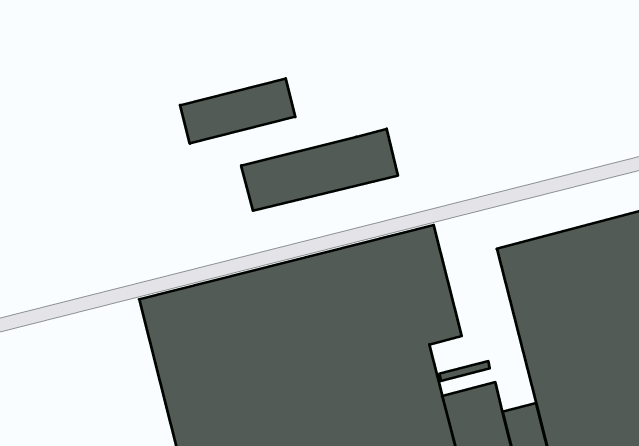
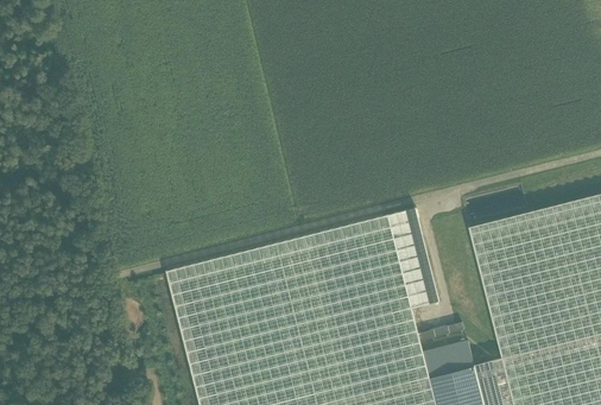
building: [180,78,295,144] -> none
building: [241,129,398,211] -> none

